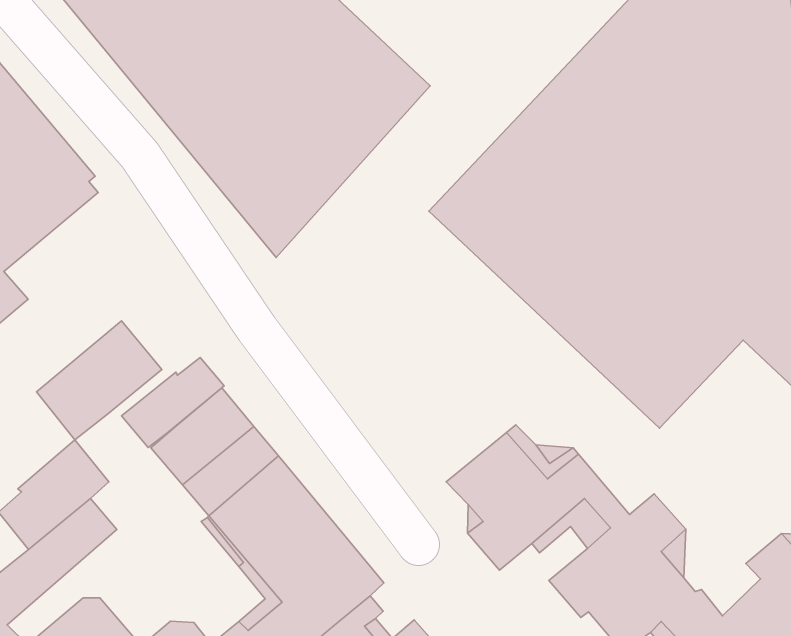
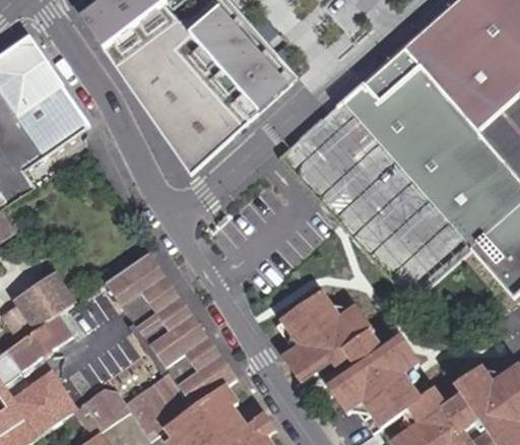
building: [36,321,162,440] -> none
building: [121,358,224,448] -> none

